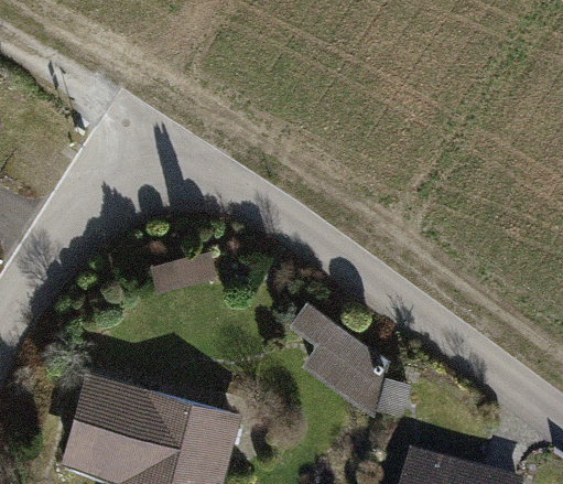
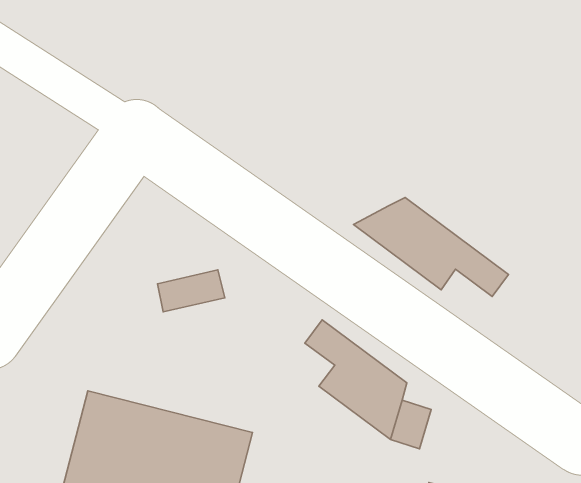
building: none -> [353,198,508,297]

